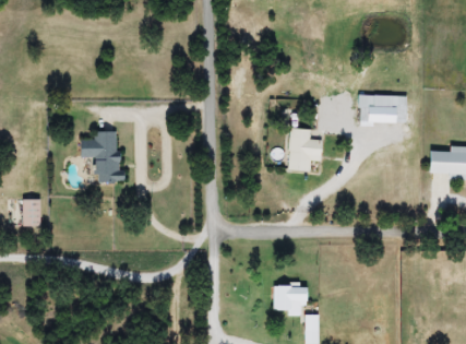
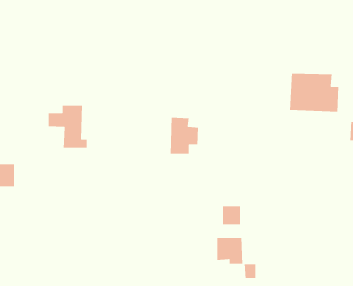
building: [289,128,323,171] -> [170,117,199,155]
building: none -> [222,206,241,225]

